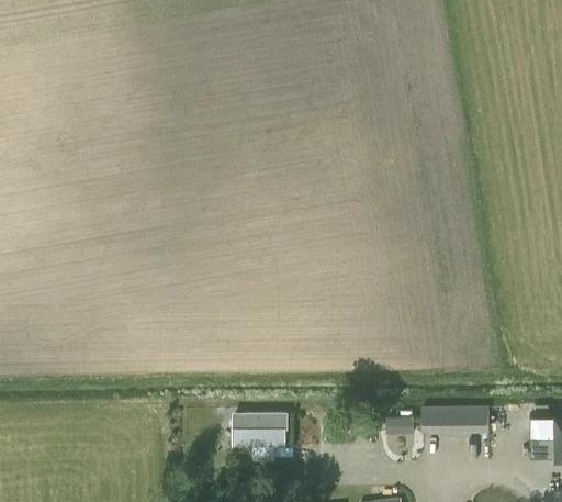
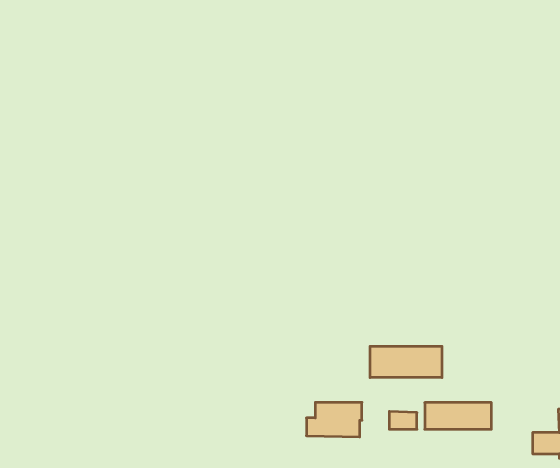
building: none -> [370,346,442,378]
building: [232,413,286,447] -> [306,402,362,437]

